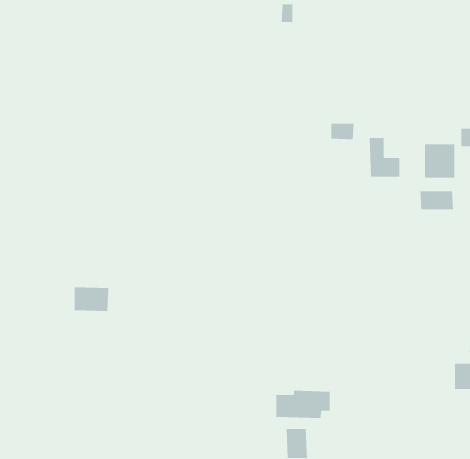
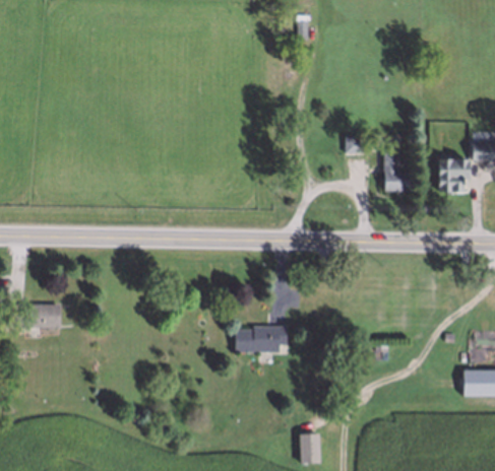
building: [420,191,453,210] -> none
building: [74,287,109,312] -> [27,305,62,329]
building: [276,390,331,418] -> [236,326,290,353]

